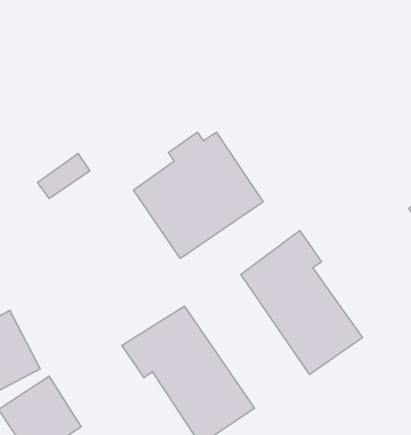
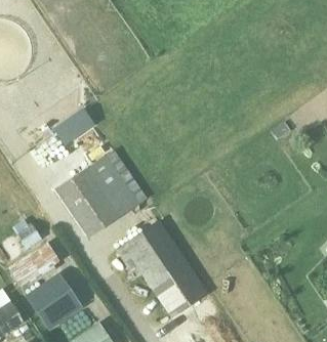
building: [134,132,263,259] -> [56,149,148,239]
building: [241,231,363,374] -> none

